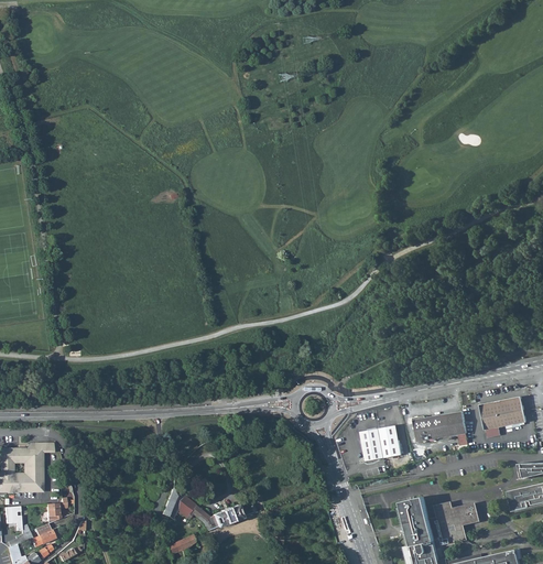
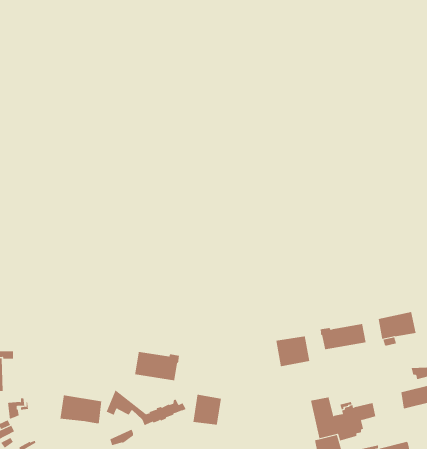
building: none -> [135,351,180,381]
building: none -> [193,394,222,426]
building: none -> [60,395,102,424]

